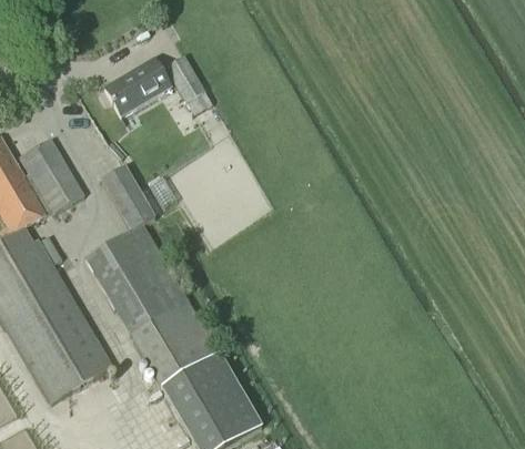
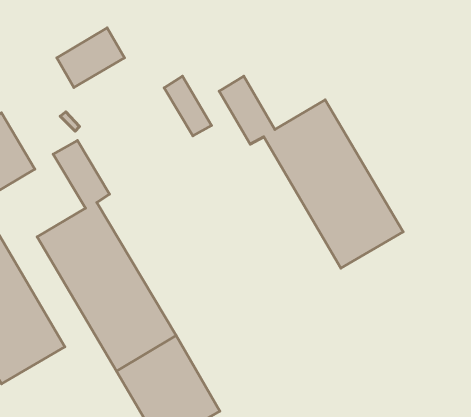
building: [164,53,210,111] -> [164,76,211,136]
building: none -> [219,76,403,268]

